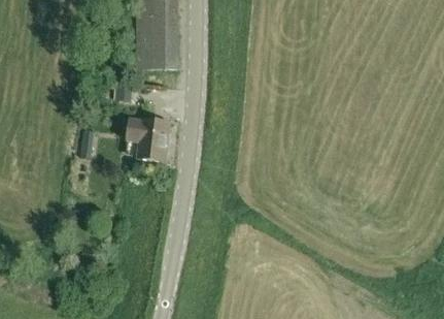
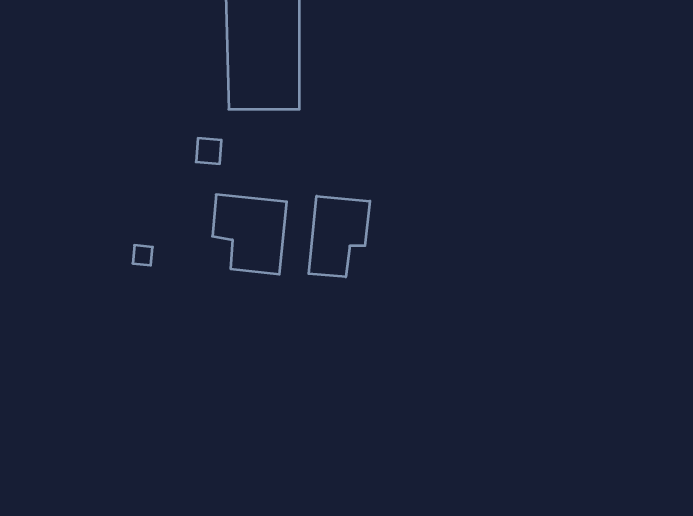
building: none -> [309,196,370,277]

